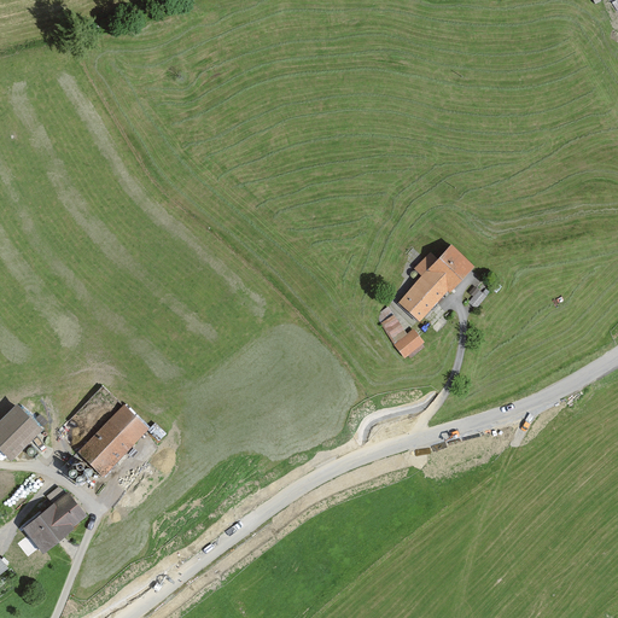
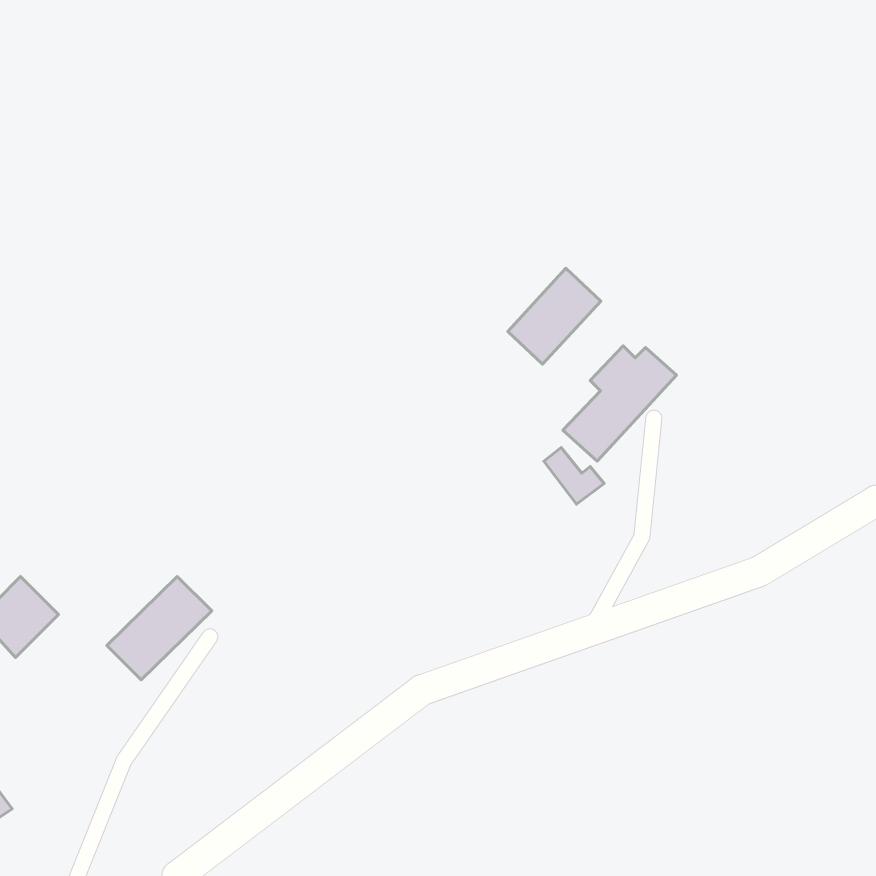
building: none -> [508,268,601,364]
building: [23,491,87,552] -> none

